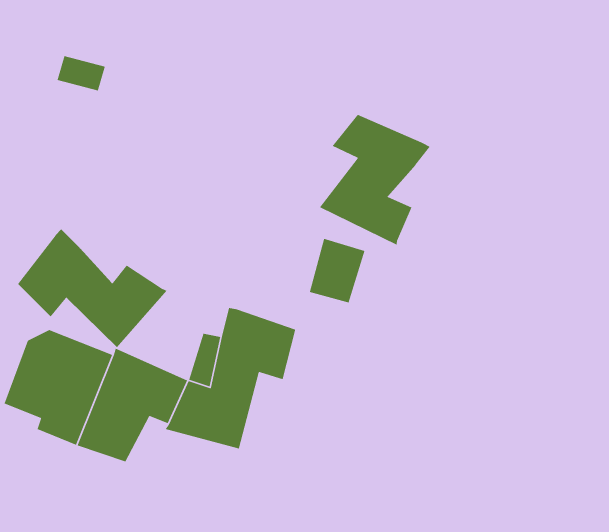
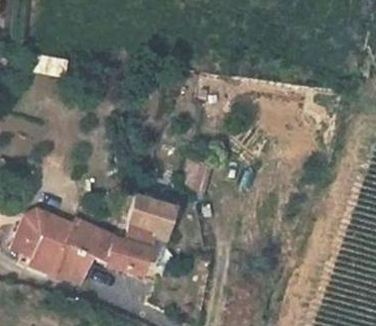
building: [319,114,431,246] -> none
building: [17,229,168,348] -> none

